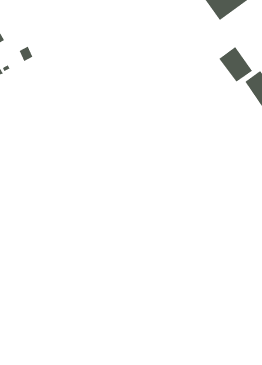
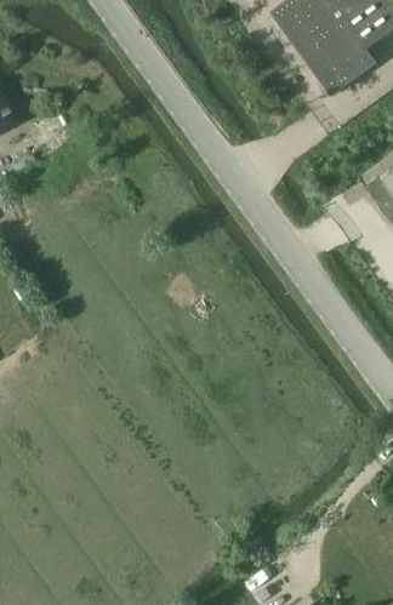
building: [219,46,253,83] -> none

